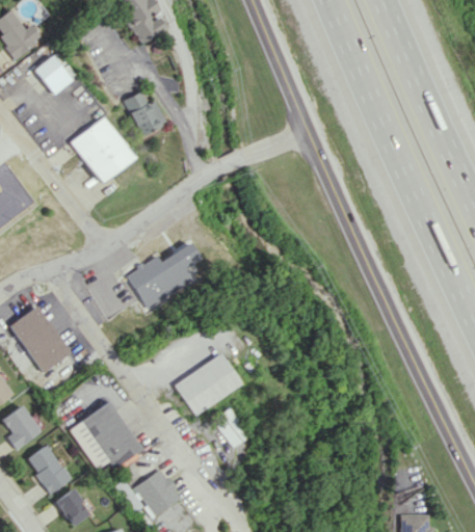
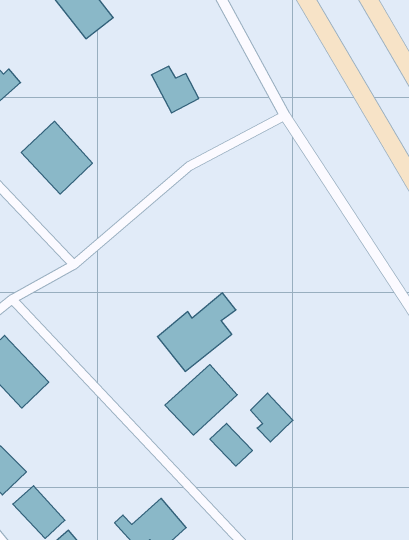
building: [124,92,164,135] -> [151,66,199,113]
building: [126,242,200,310] -> [157,293,236,371]
building: none -> [251,393,293,442]
building: [71,402,142,470] -> none

